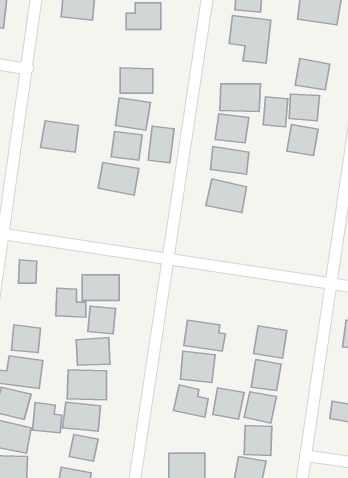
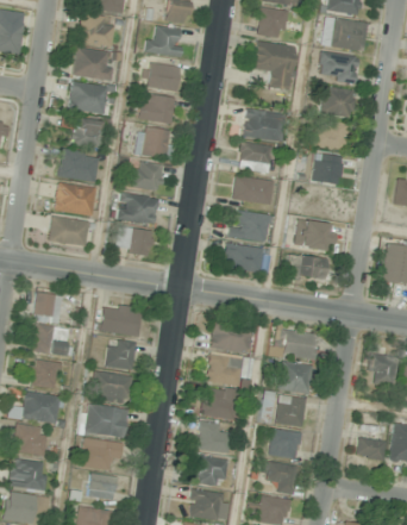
building: none -> [73,46,113,80]
building: none -> [320,52,358,82]
building: none -> [142,58,181,93]
building: none -> [69,81,107,113]
building: none -> [73,118,104,148]
building: [263,97,288,127] -> none
building: [148,126,174,163] -> none
building: none -> [55,183,95,214]
building: none -> [50,217,88,244]
building: none -> [293,218,332,250]
building: none -> [117,226,152,252]
building: none -> [225,244,261,270]
building: none -> [288,252,327,280]
building: [56,288,86,317] -> [33,324,64,354]
building: none -> [211,323,252,354]
building: none -> [282,330,317,358]
building: [213,388,244,419] -> [196,455,228,487]
building: [32,403,62,433] -> none

